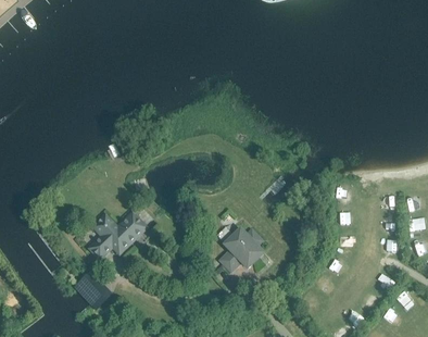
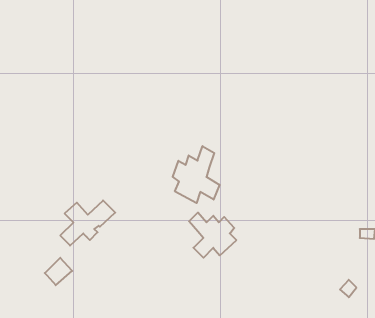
building: none -> [173,146,220,203]

